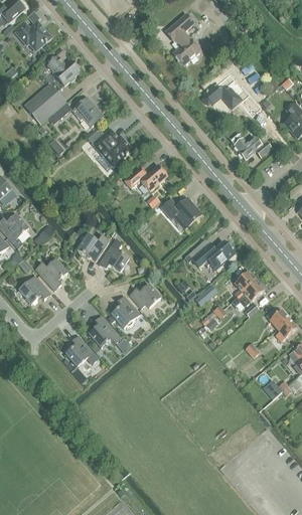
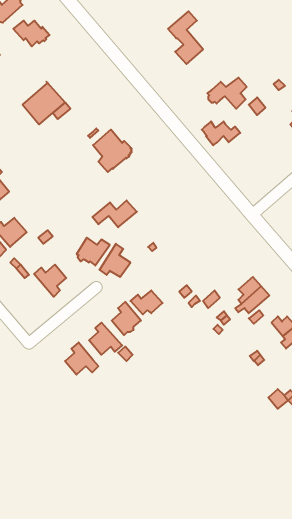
building: [47,56,80,85] -> none
building: [71,98,103,127] -> none
building: [234,137,271,160] -> [202,121,240,145]
building: [124,165,167,191] -> [92,200,137,227]
building: [161,197,201,226] -> none
building: [190,241,234,270] -> none
building: [18,276,50,304] -> none

